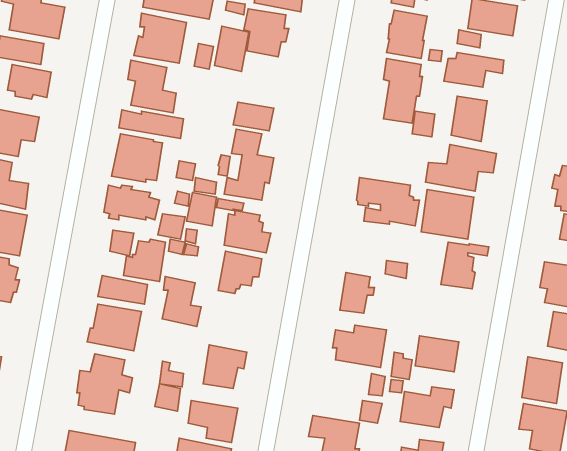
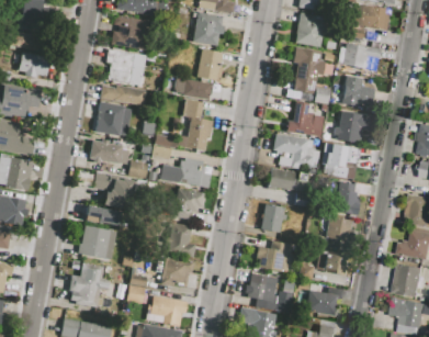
building: [214,26,249,71] -> [197,48,223,81]
building: none -> [285,101,324,137]
building: none -> [268,168,297,190]
building: [162,277,201,326] -> [167,222,195,258]
building: none -> [325,216,354,241]
building: none -> [247,273,276,302]

